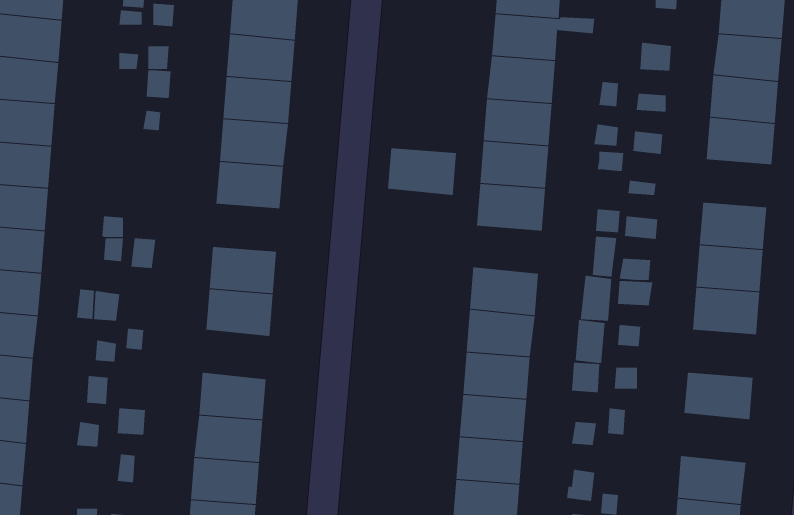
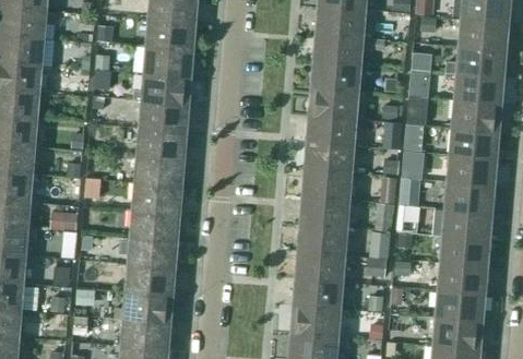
building: [387,148,457,196] -> [305,171,349,202]
building: none -> [452,129,497,159]
building: none -> [138,157,181,188]
building: none -> [131,238,175,270]
building: none -> [442,238,487,268]
building: none -> [438,291,483,323]

